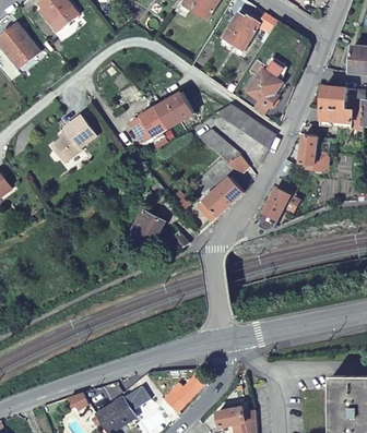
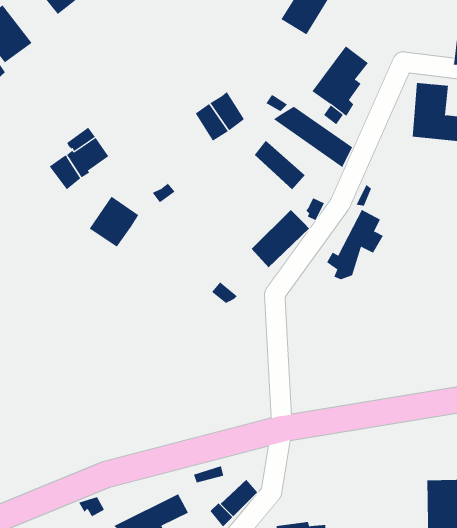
building: [131,107,170,144] -> none
building: [297,133,327,169] -> none
building: [126,208,163,246] -> [89,196,139,248]

